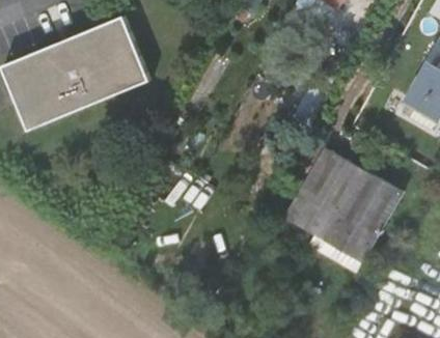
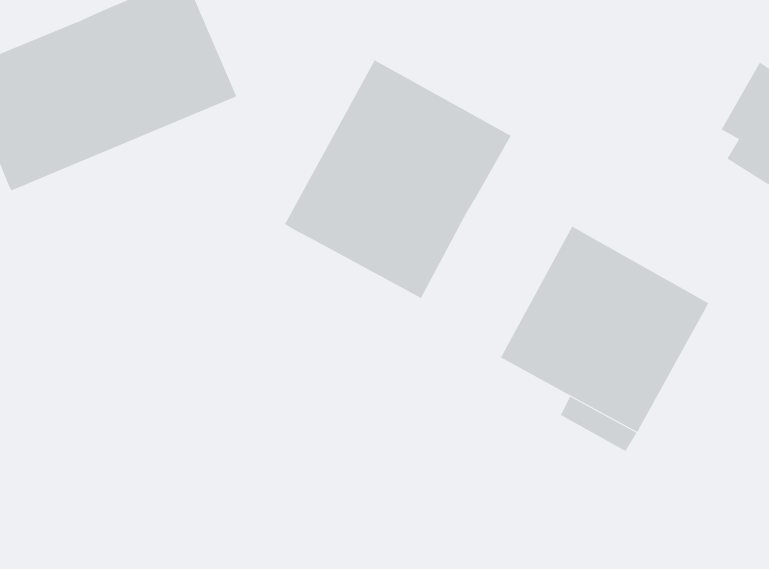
building: none -> [284,59,511,299]

